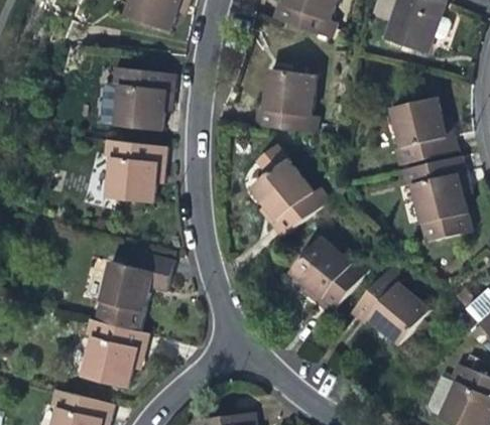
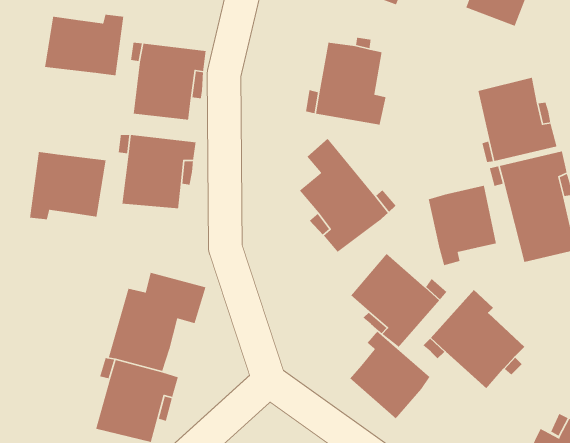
building: none -> [44,14,124,76]
building: none -> [29,151,107,220]
building: none -> [428,185,497,266]
building: none -> [349,331,431,420]

